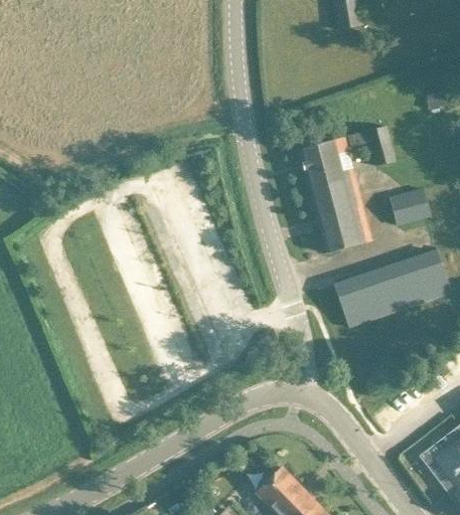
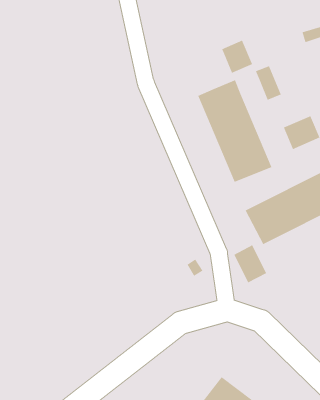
building: none -> [221,40,253,74]
building: none -> [233,244,267,284]

